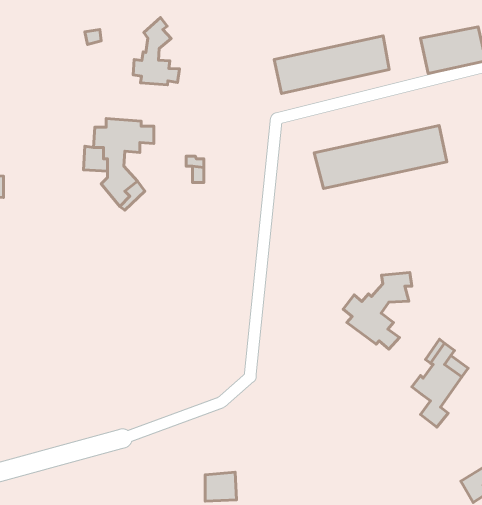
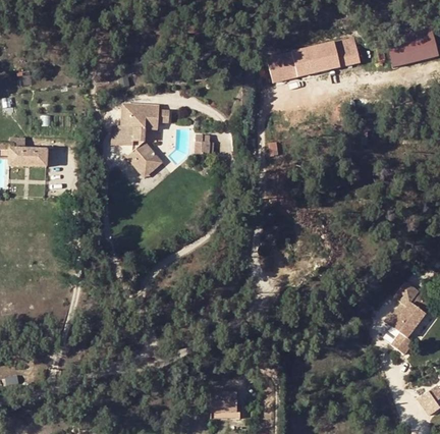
building: [133,17,179,85] -> none
building: [314,125,447,188] -> none
building: [343,273,412,349] -> none

